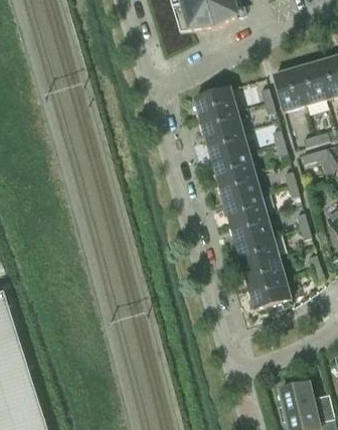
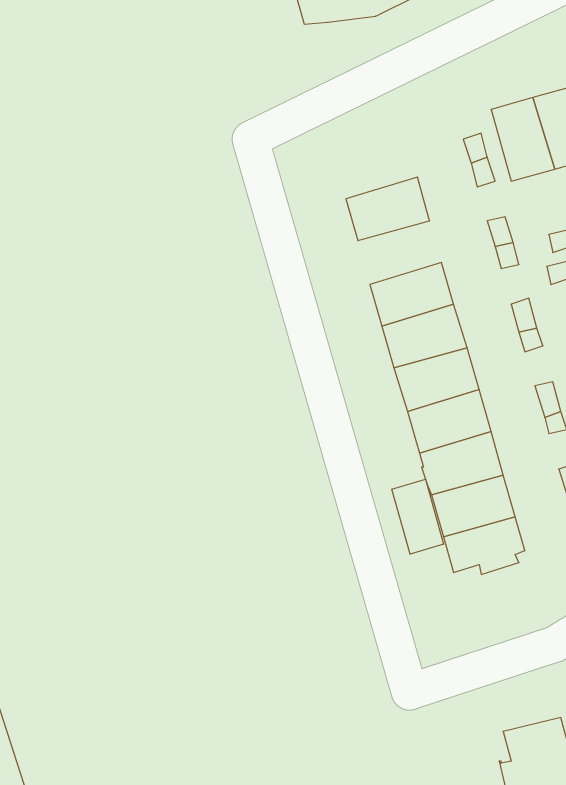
building: [194,87,236,120] -> none
building: [206,131,248,163] -> none
building: none -> [392,479,444,554]

